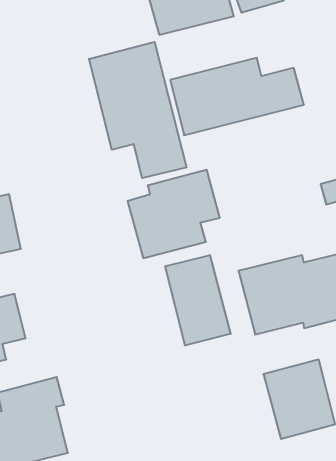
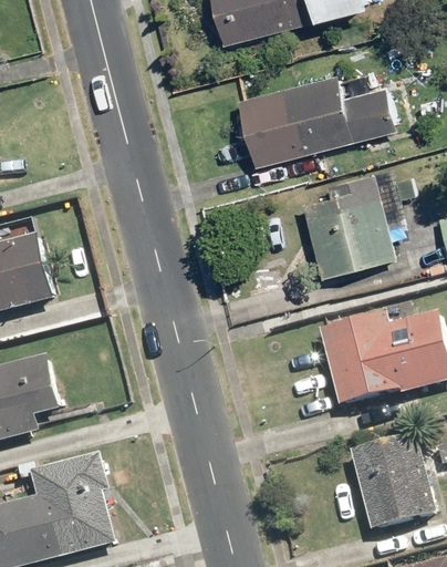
building: [89,42,186,178] -> none
building: [128,170,220,258] -> [300,167,410,274]
building: [165,255,231,346] -> none

